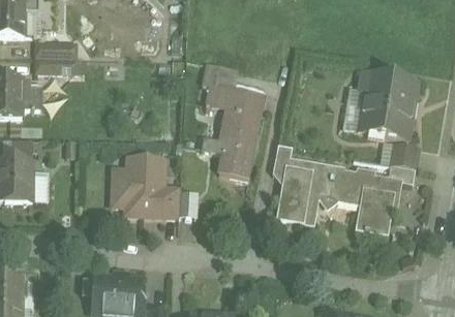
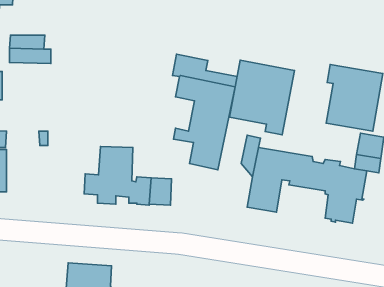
building: none -> [229,60,294,135]

